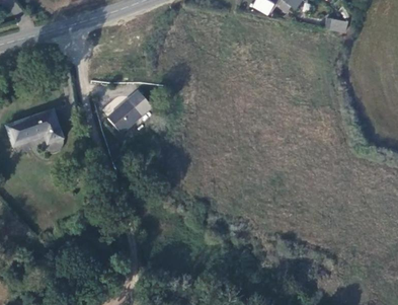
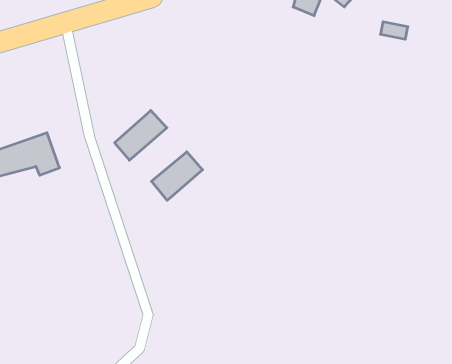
building: none -> [151,152,203,200]

